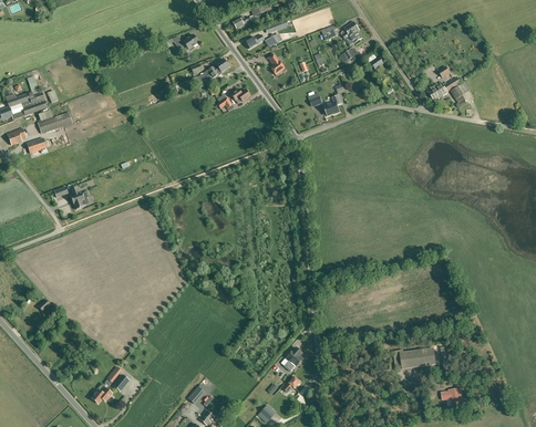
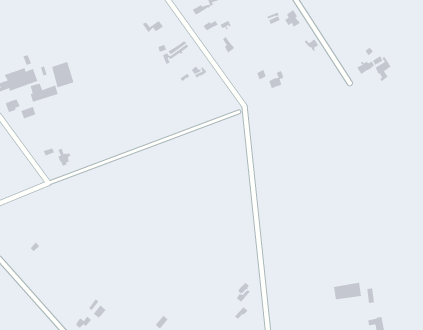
building: none -> [51,61,74,88]

